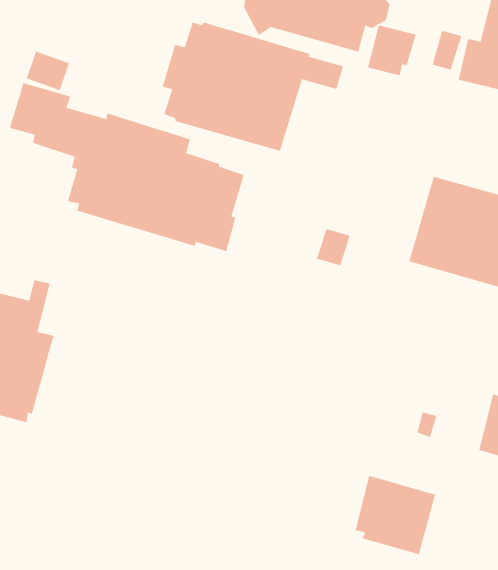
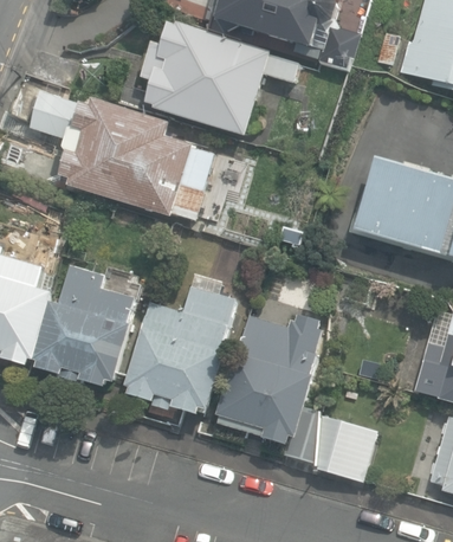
building: none -> [31,265,135,387]
building: none -> [124,286,239,415]
building: none -> [216,311,324,457]

